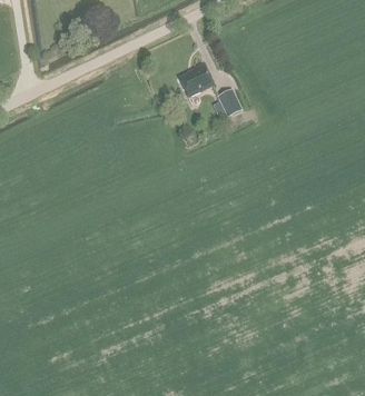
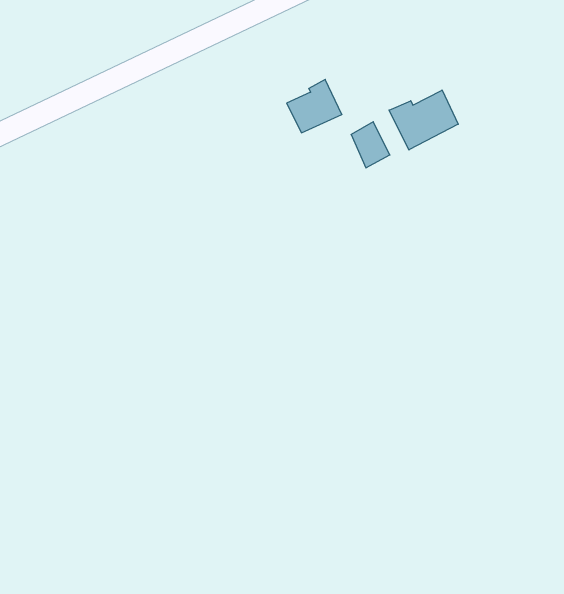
building: none -> [389,90,458,150]

